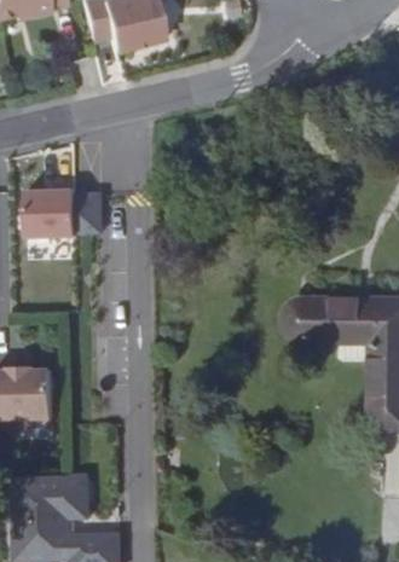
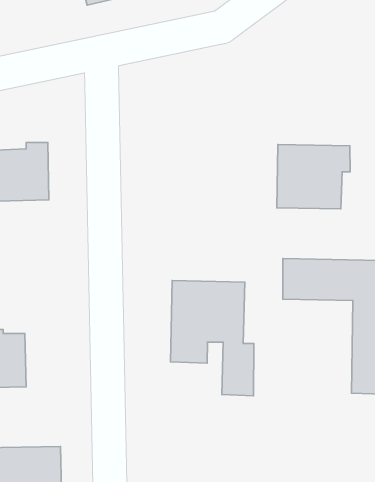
building: none -> [277,145,350,209]
building: none -> [170,281,254,396]

